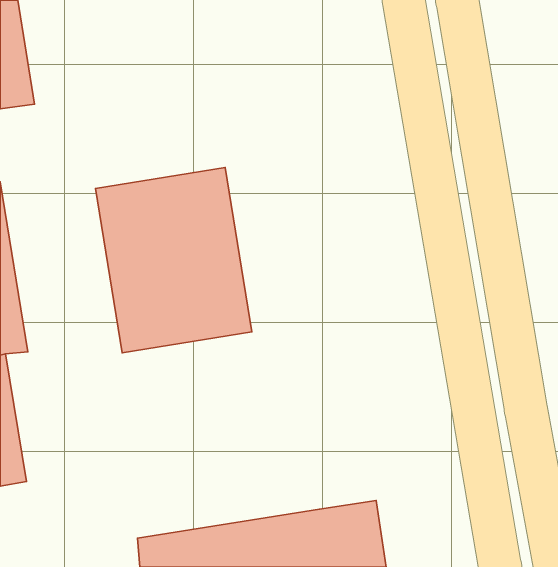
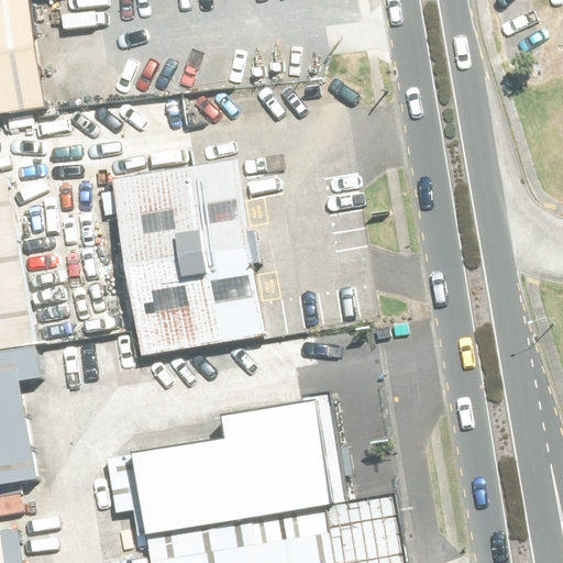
building: none -> [133,396,325,533]

